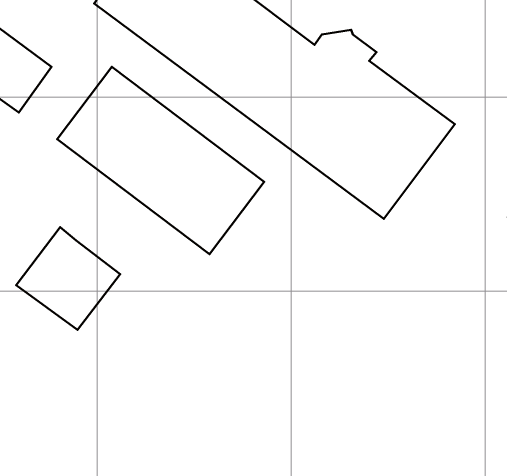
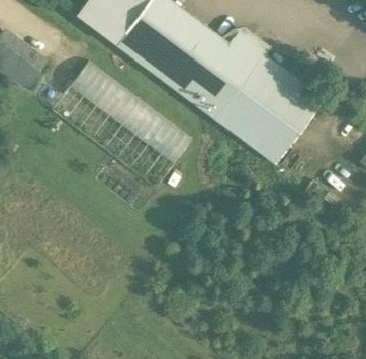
building: [16,227,120,330] -> none

